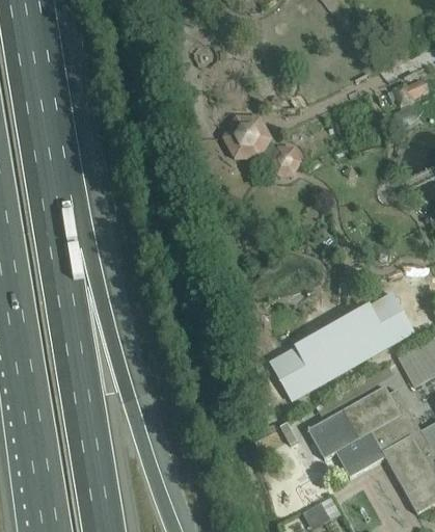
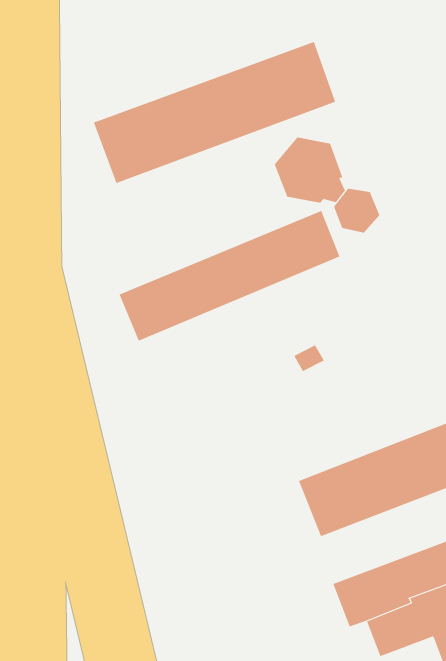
building: none -> [93,41,336,184]
building: none -> [119,210,340,342]

